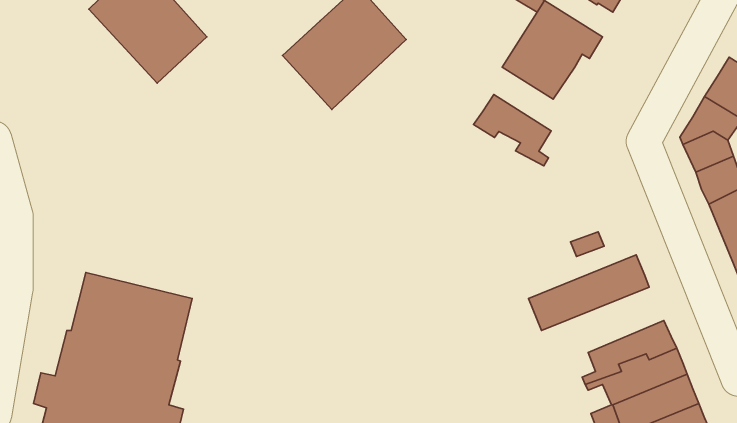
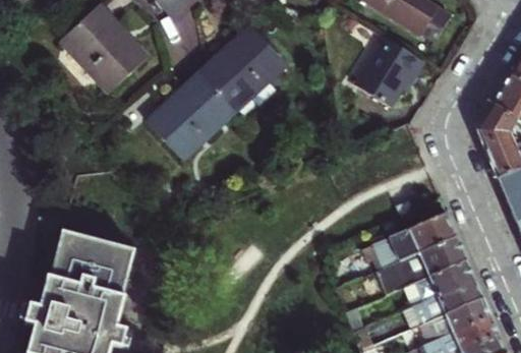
building: none -> [150,74,235,158]
building: [474,95,551,166] -> none
building: none -> [374,236,467,294]

